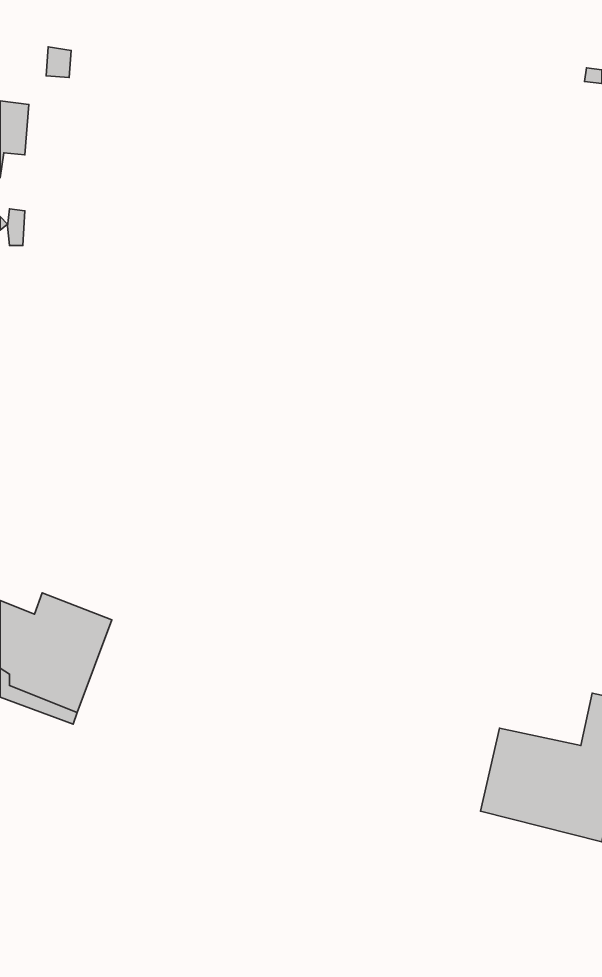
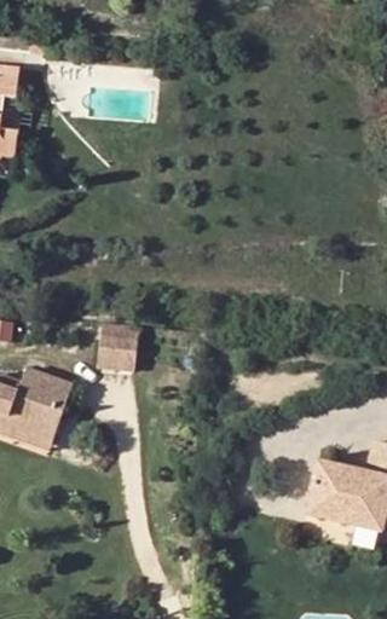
building: none -> [97,331,138,366]

